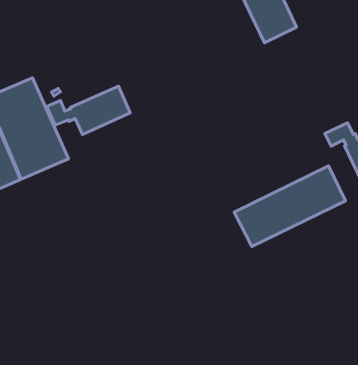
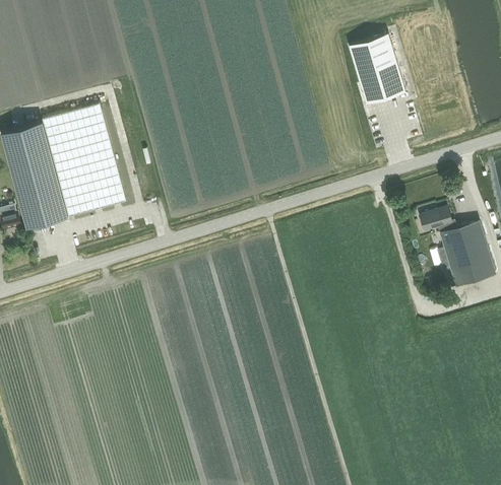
building: [46,86,130,135] -> none
building: [234,166,346,246] -> none

